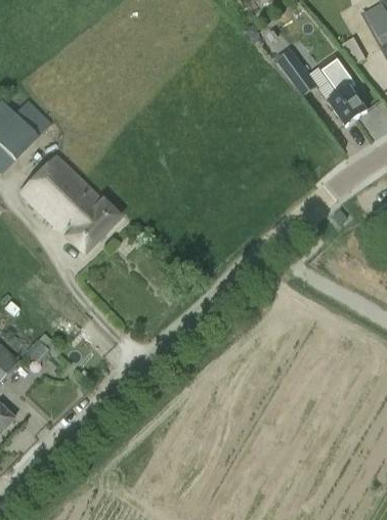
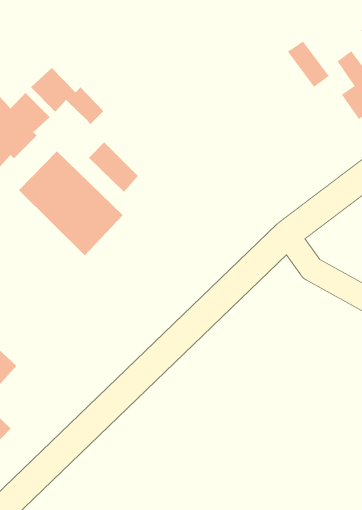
building: none -> [30,67,104,125]
building: none -> [88,142,139,193]

